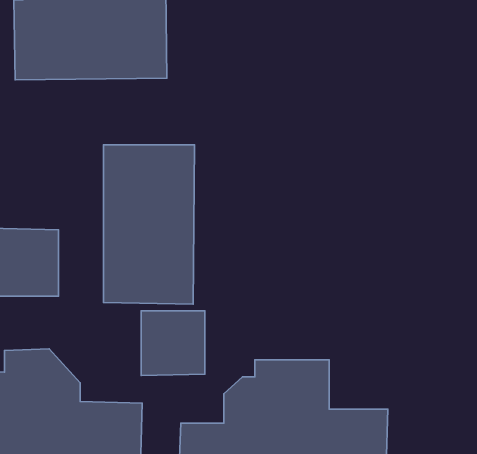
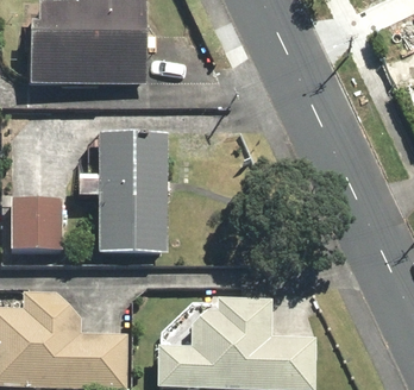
building: [141,311,205,375] -> none

